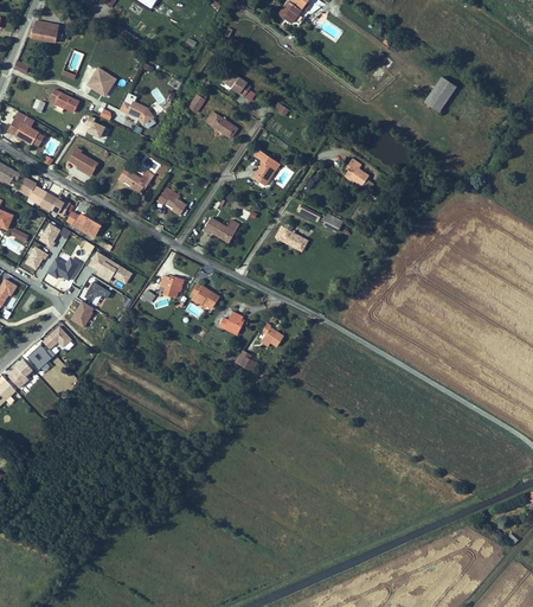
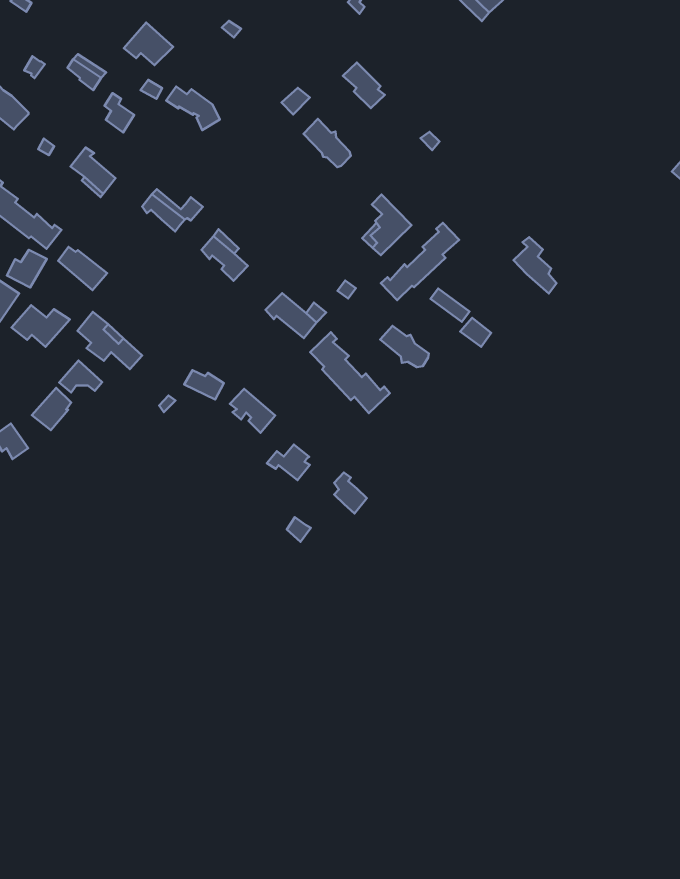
building: none -> [381,223,459,300]
building: none -> [310,332,390,413]

